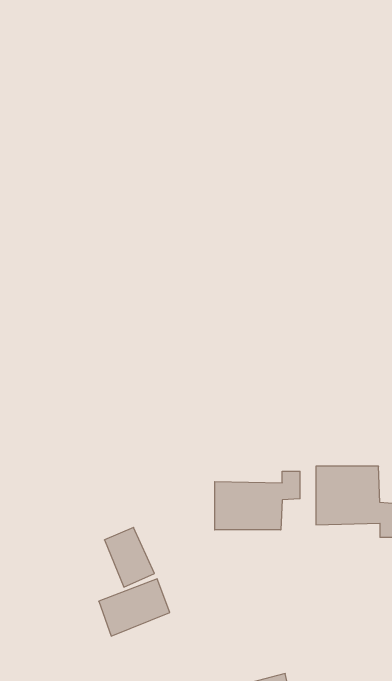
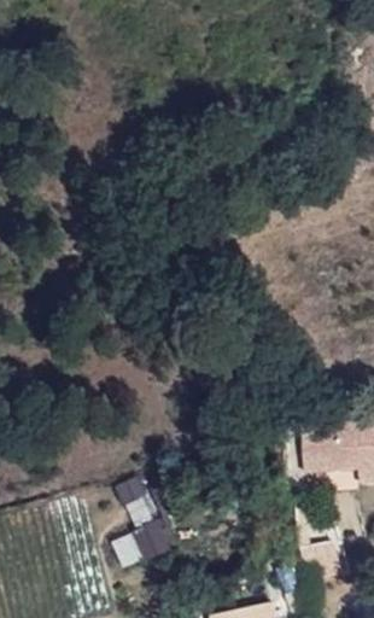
building: [215,471,300,530] -> none

